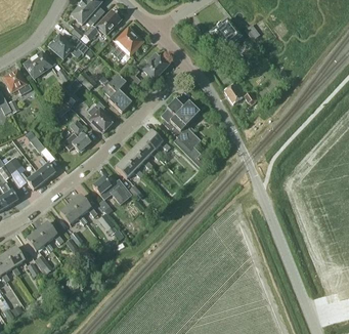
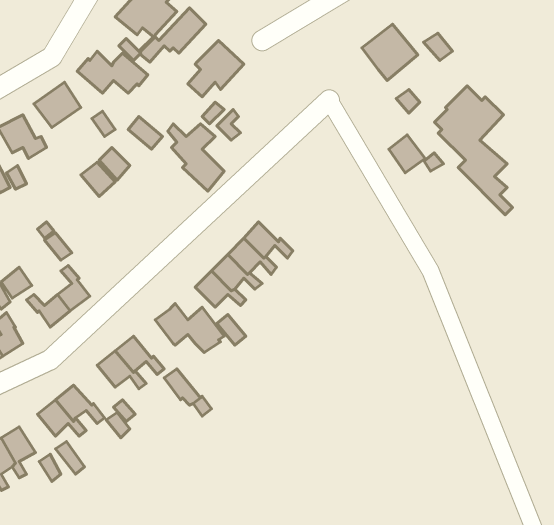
building: [138,52,168,81] -> none
building: [160,95,204,168] -> [435,86,512,215]
building: [87,101,113,132] -> none
building: [62,119,90,152] -> none

